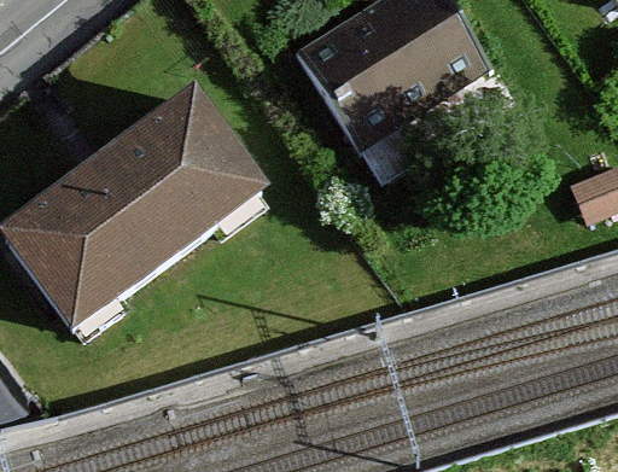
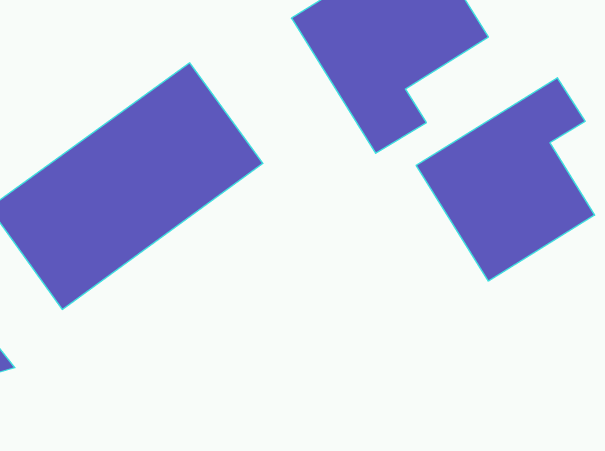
building: none -> [416,78,595,281]

